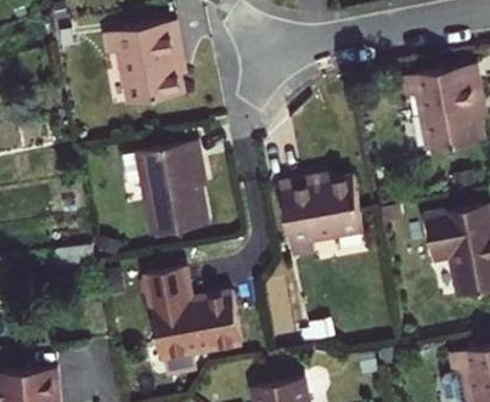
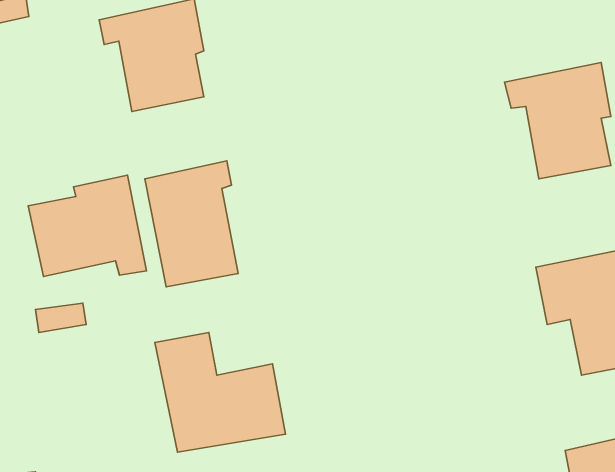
building: none -> [28,175,146,277]
building: [281,181,362,259] -> none

